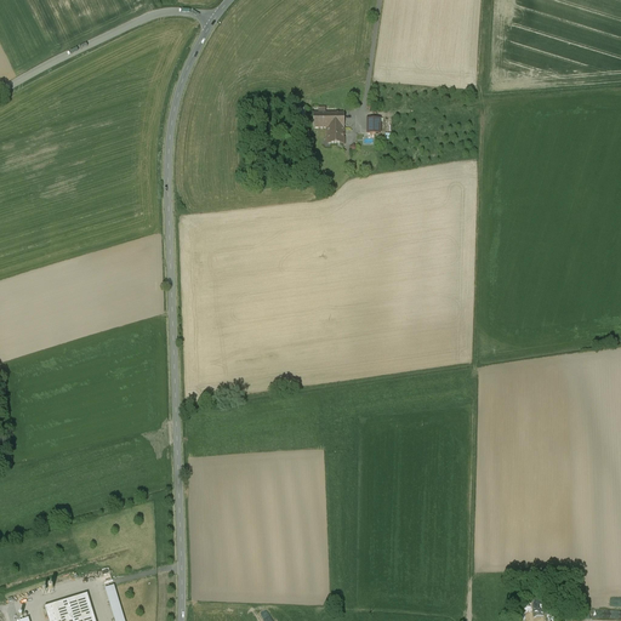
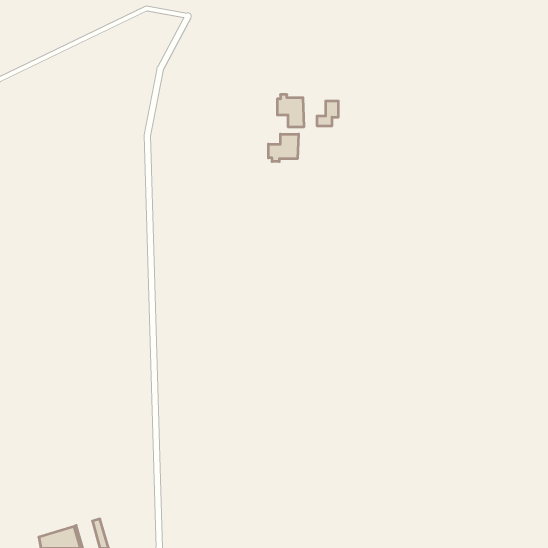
building: none -> [268,134,299,162]

